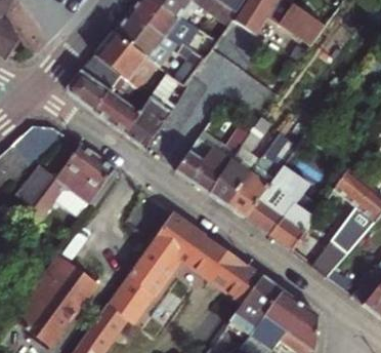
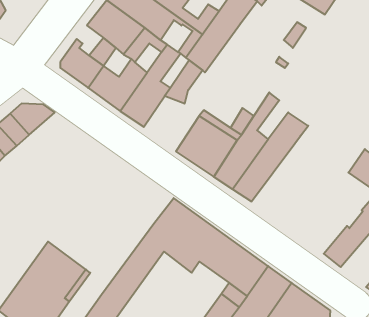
building: [18,144,119,220] -> none
building: [246,163,318,250] -> none

